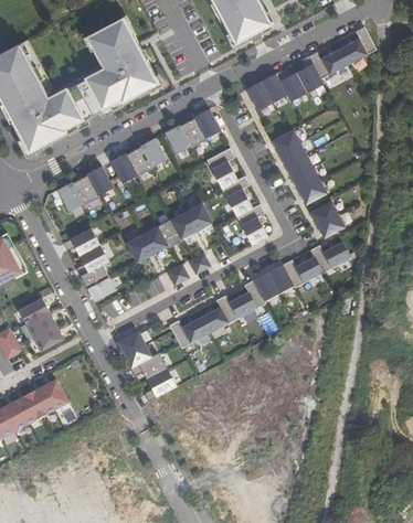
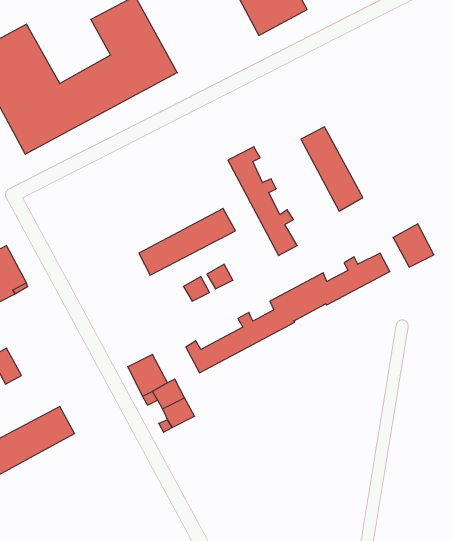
building: [245,28,375,110] -> none
building: [165,109,220,153] -> none
building: [110,138,166,182] -> none
building: [56,167,113,211] -> none
building: [308,200,345,238] -> [393,224,434,267]
building: [63,227,115,301] -> none
building: [18,297,63,351] -> none

